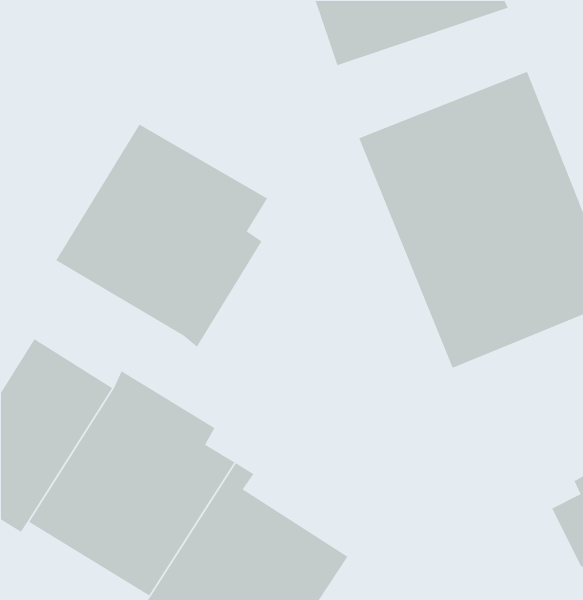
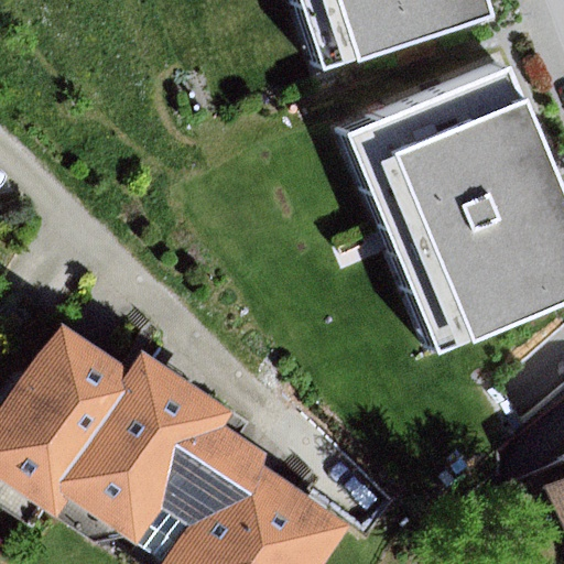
building: [55,123,268,348] -> none

